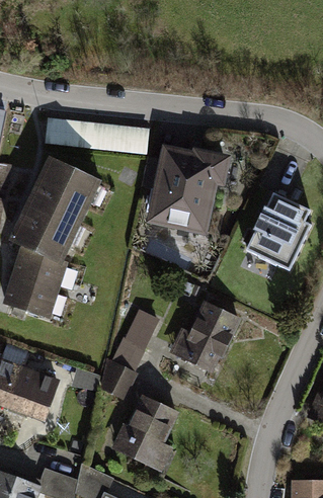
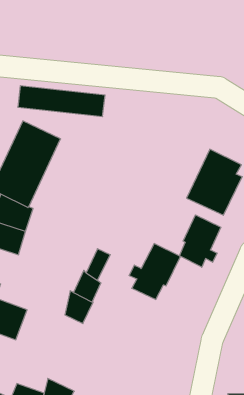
building: [141,151,225,225] -> none
building: none -> [179,215,221,267]
building: [118,397,176,464] -> none

